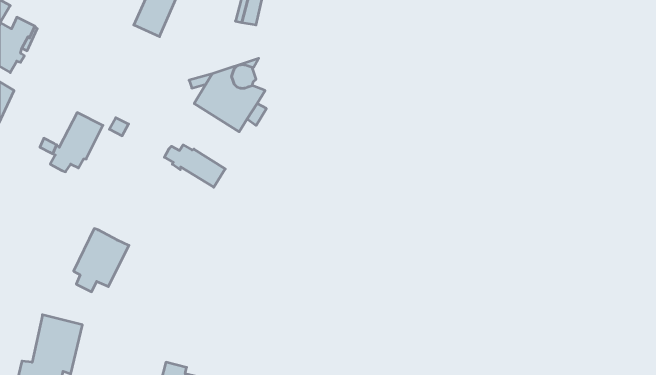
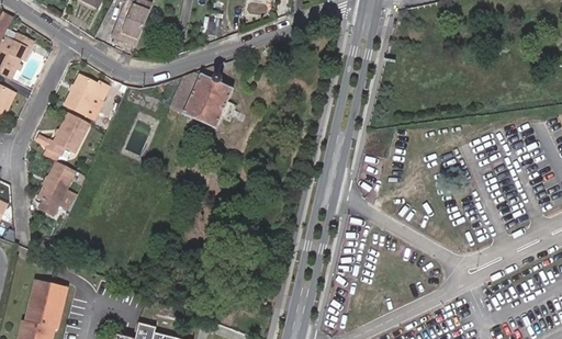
building: none -> [66,75,110,114]
building: [164,145,225,187] -> none
building: [74,229,129,292] -> [35,160,82,214]

